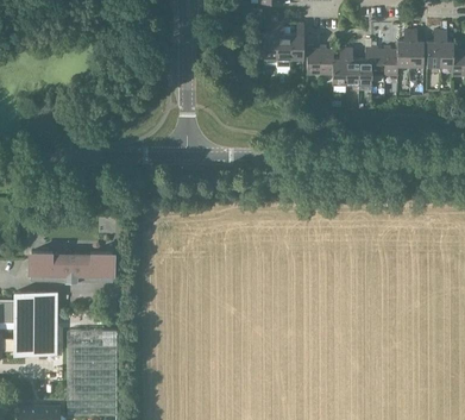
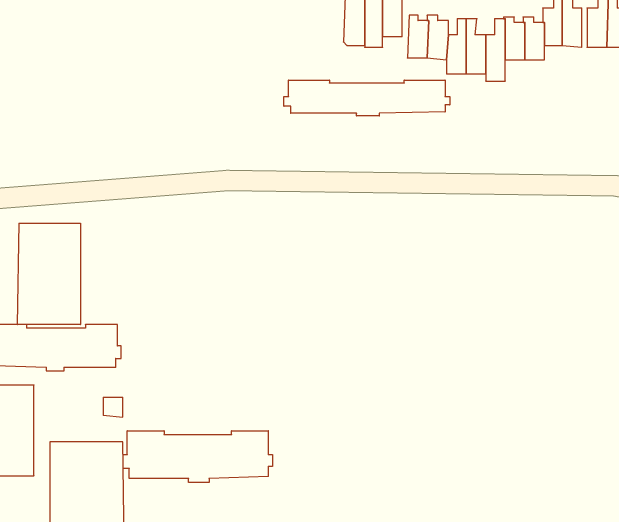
building: none -> [284,80,450,116]
building: none -> [18,223,80,325]
building: none -> [123,431,272,482]

